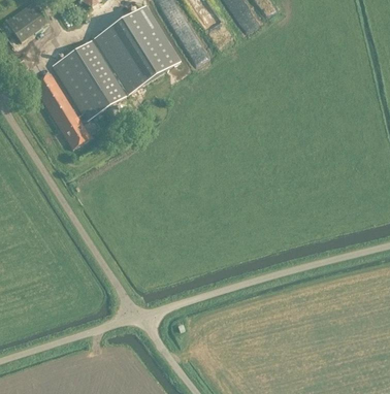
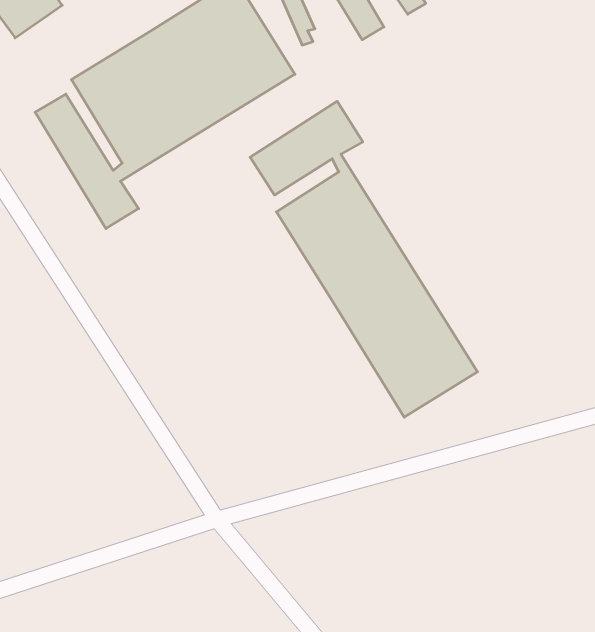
building: none -> [250,101,478,417]

